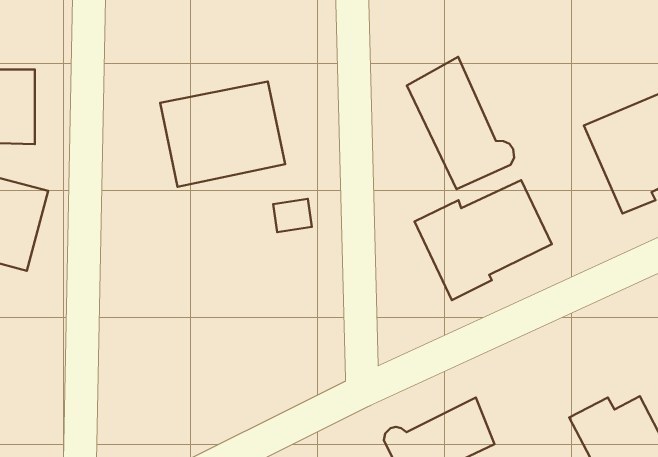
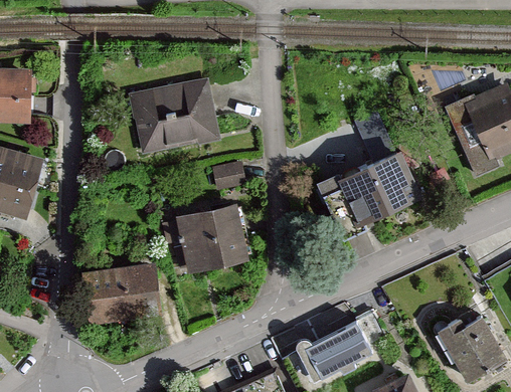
building: [407,57,514,189] -> none
building: none -> [176,203,249,271]
building: none -> [80,265,162,328]

